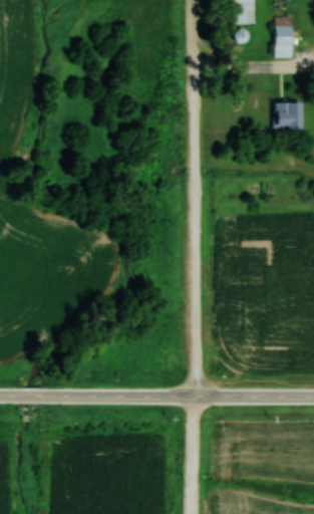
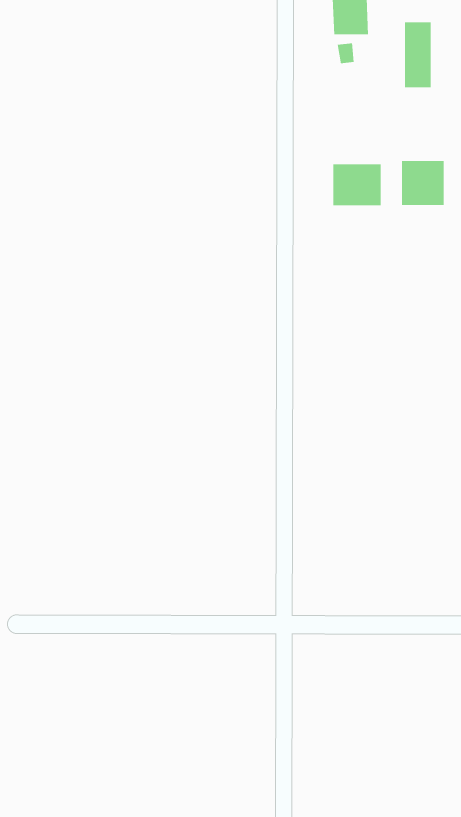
building: none -> [333,164,381,206]

